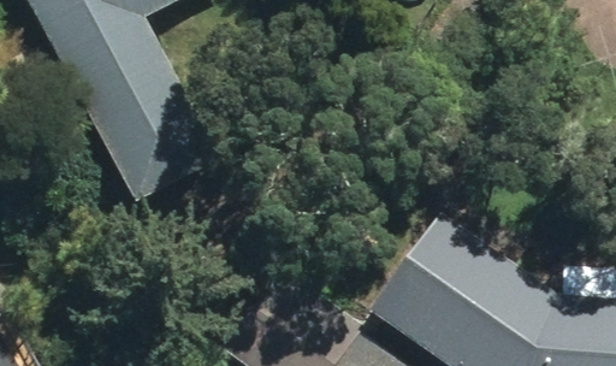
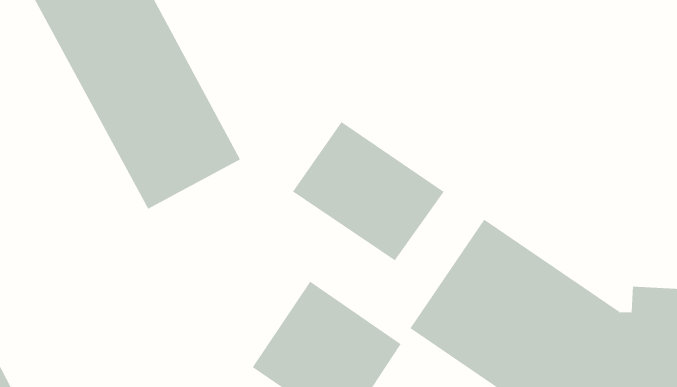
building: none -> [292,121,445,261]

